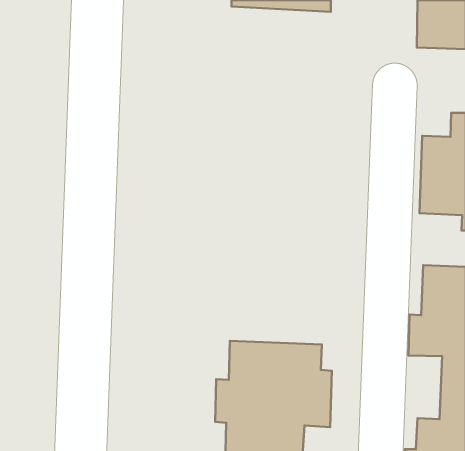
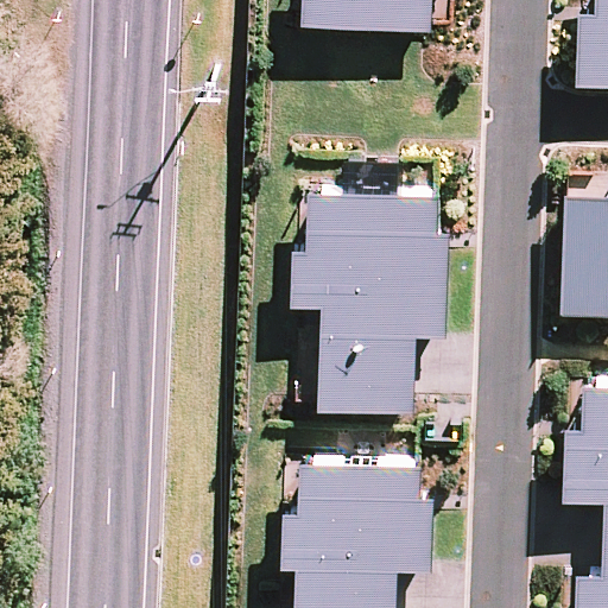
building: none -> [290,194,450,416]

